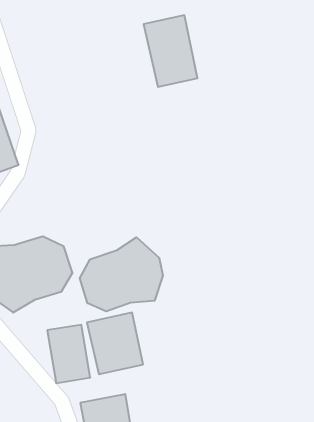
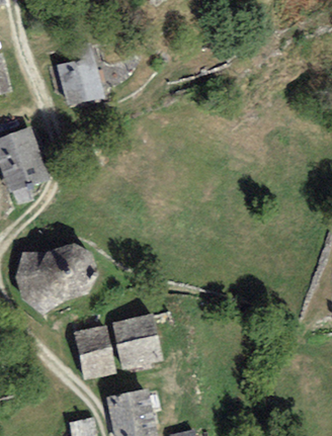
building: [144,15,198,87] -> [54,40,103,106]
building: [80,237,163,311] -> none

